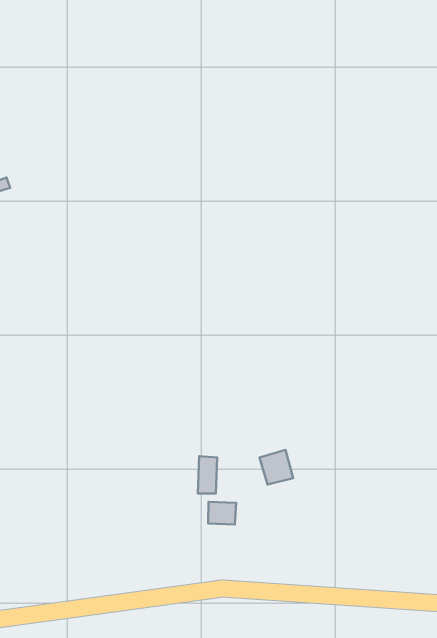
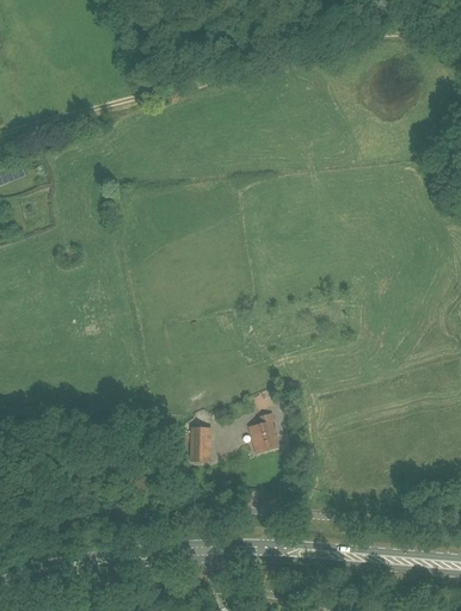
building: [208,502,236,525] -> none

